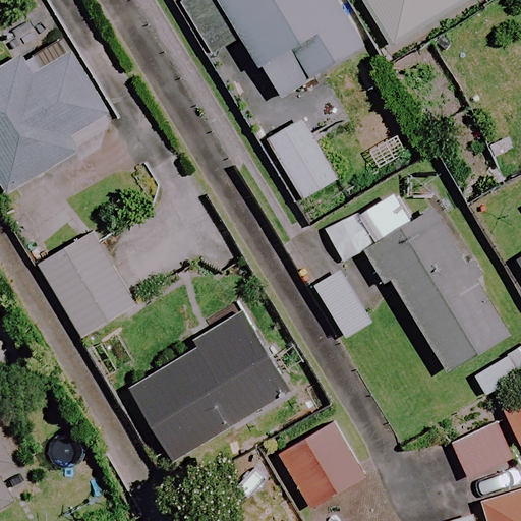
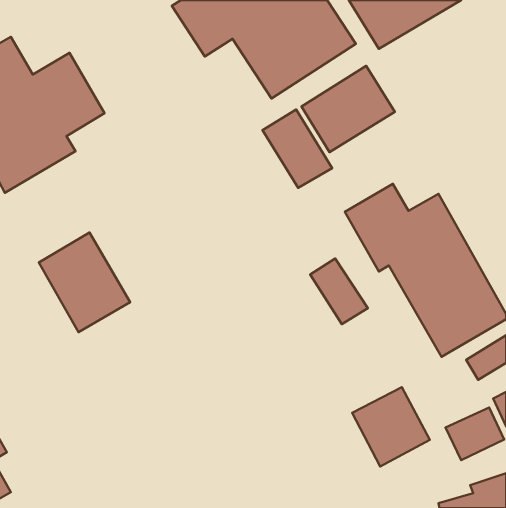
building: none -> [302,66,395,152]
building: [127,320,287,462] -> none
building: [281,426,360,508] -> [352,387,430,467]

